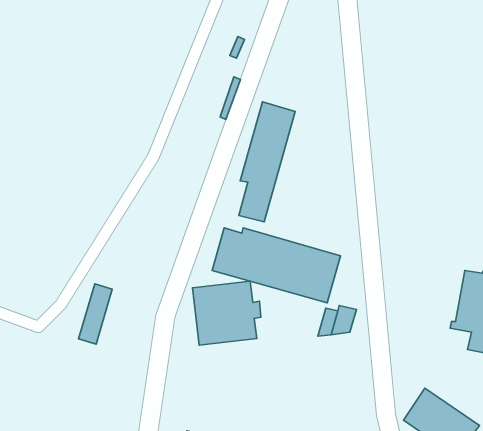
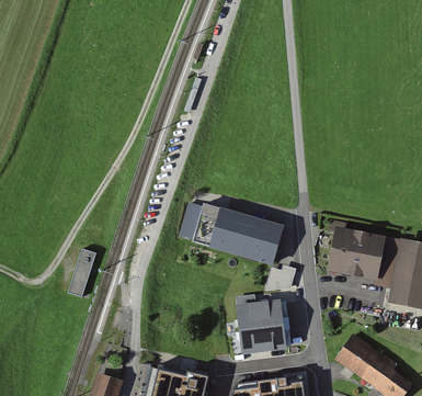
building: [239,102,295,222] -> none
building: none -> [327,226,385,279]
building: [193,281,261,345] -> [233,298,289,351]

